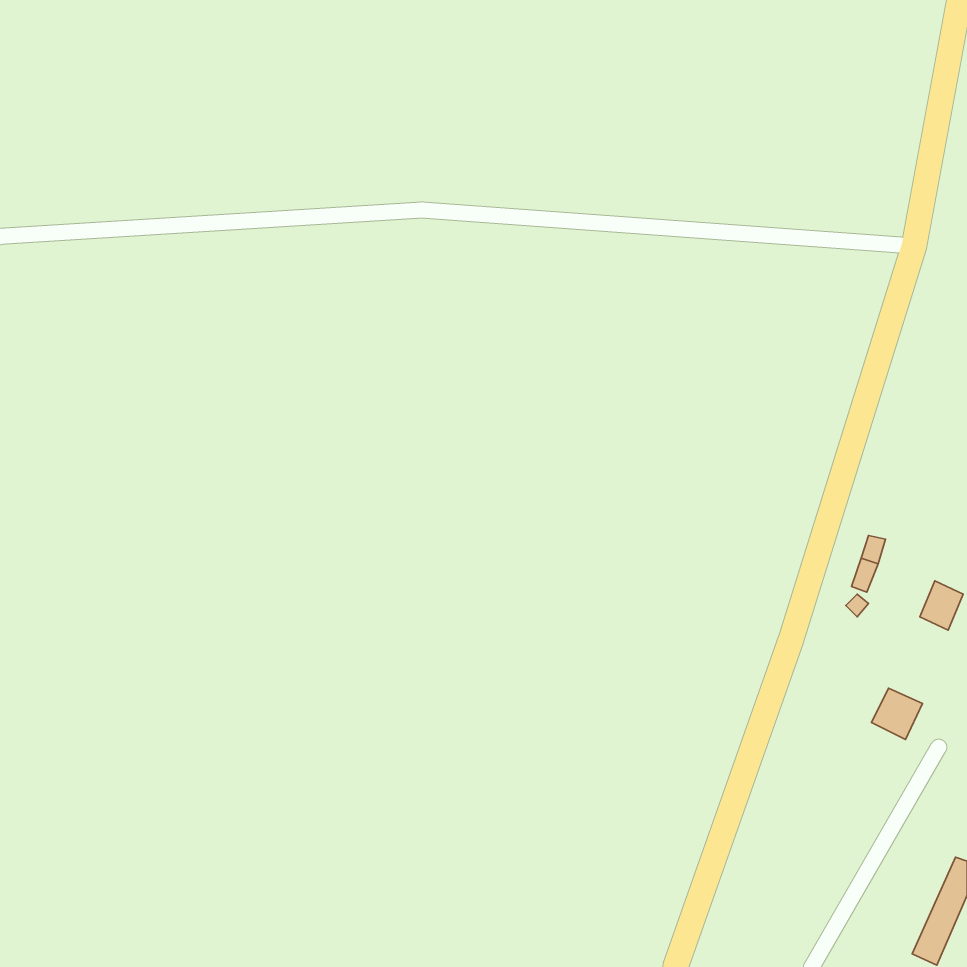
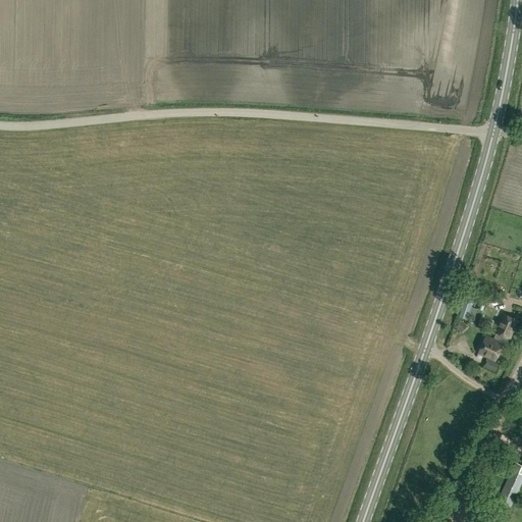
building: [871,688,922,739] -> [477,334,505,362]

